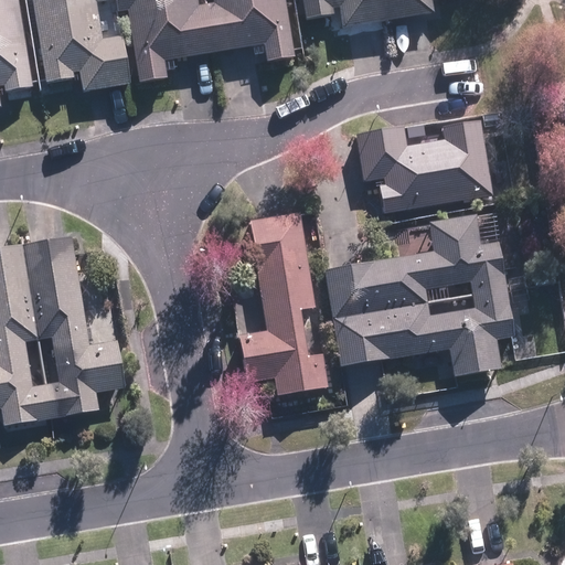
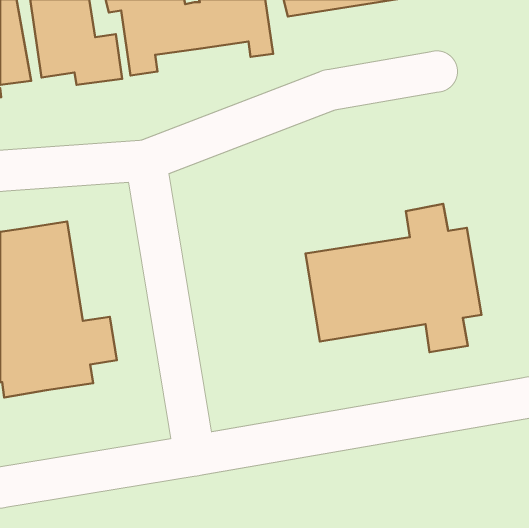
building: [364,124,492,216] -> none
building: [237,213,326,393] -> none

